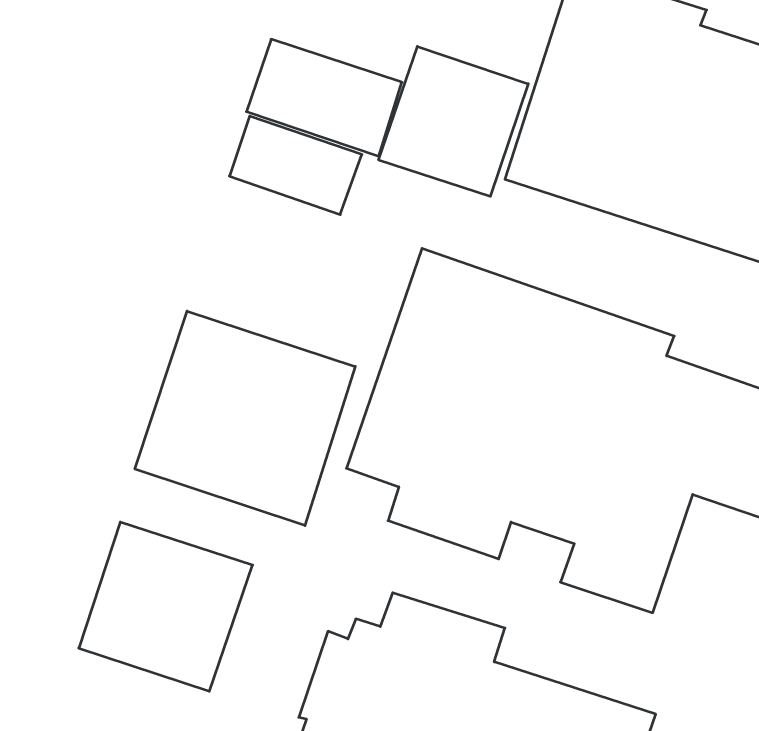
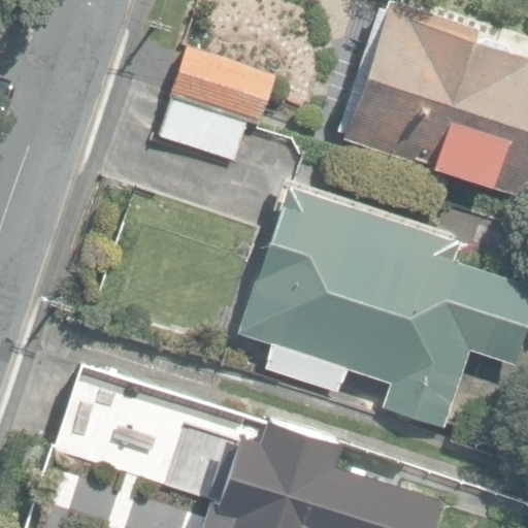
building: [379,46,528,196] -> none
building: [135,311,355,526] -> none

